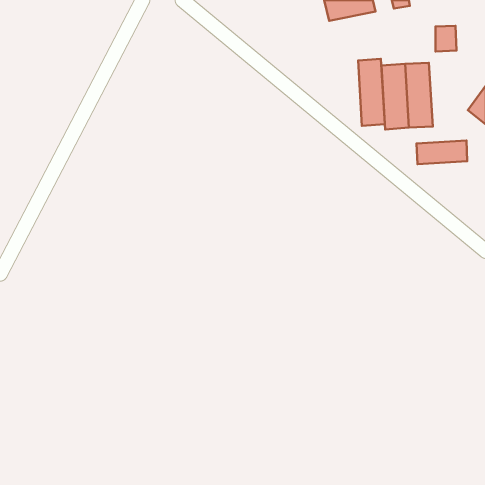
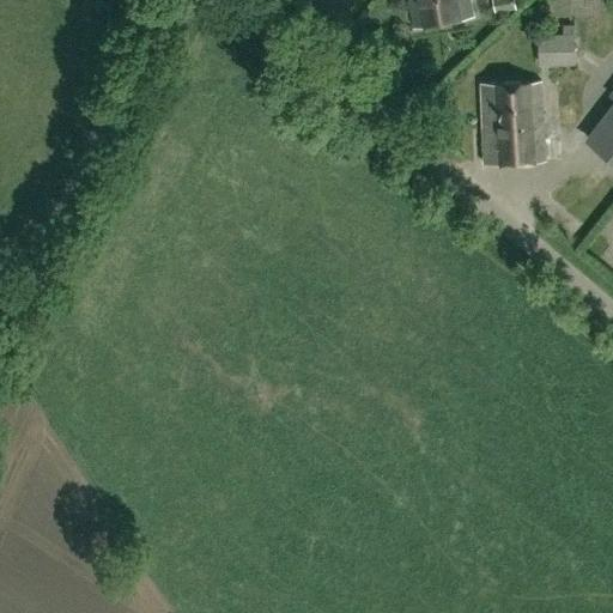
building: [358,59,385,126] -> none
building: [417,141,467,164] -> none

